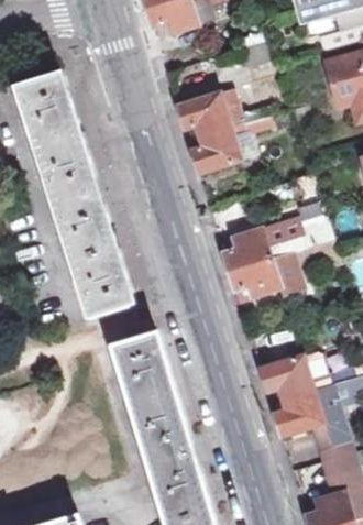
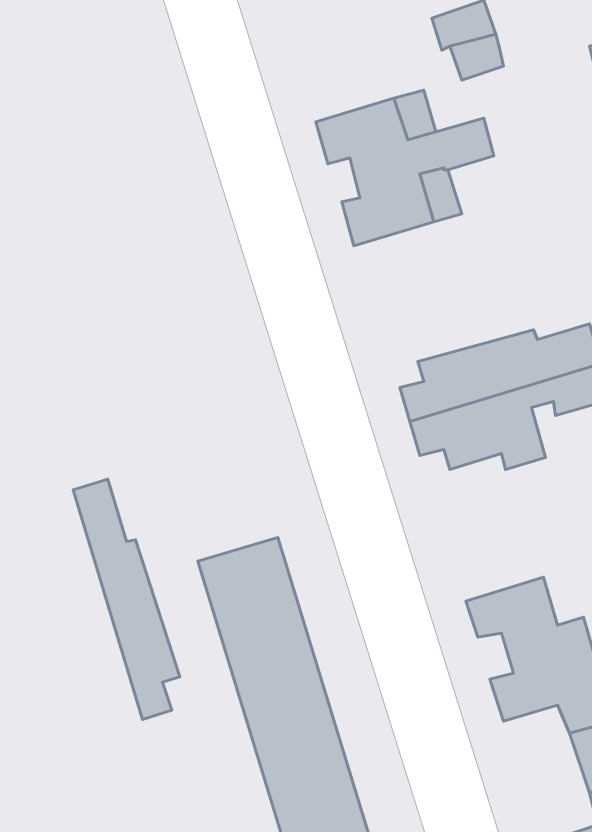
building: [16,70,132,317] -> none
building: none -> [73,479,180,719]

